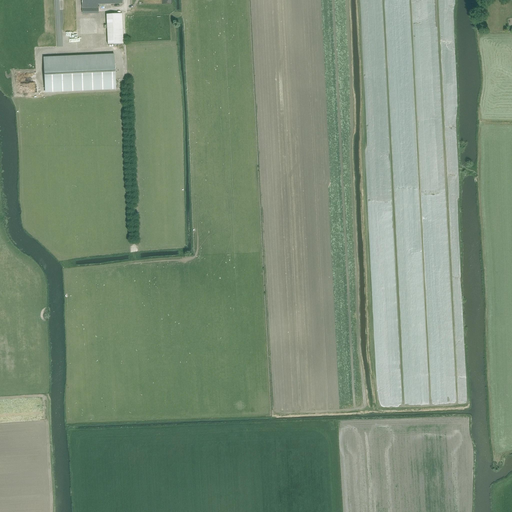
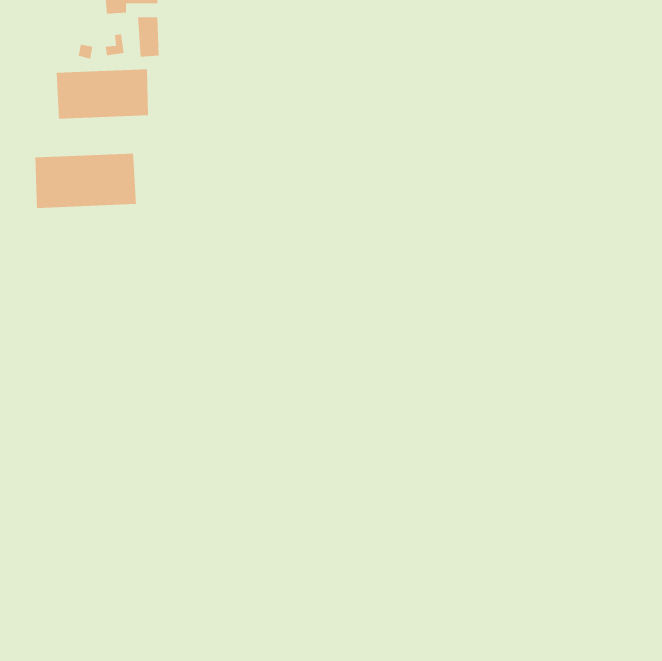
building: none -> [35,153,136,209]

